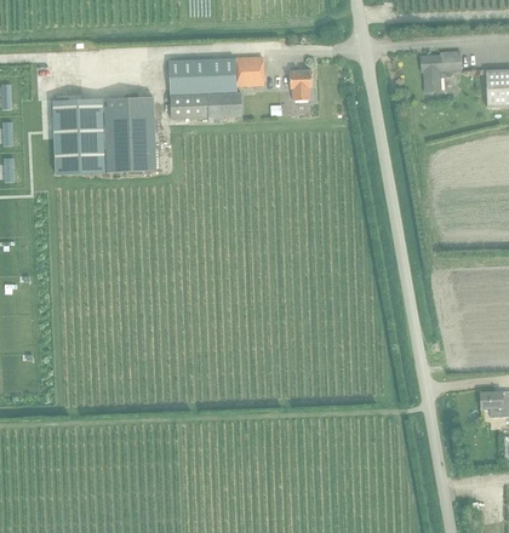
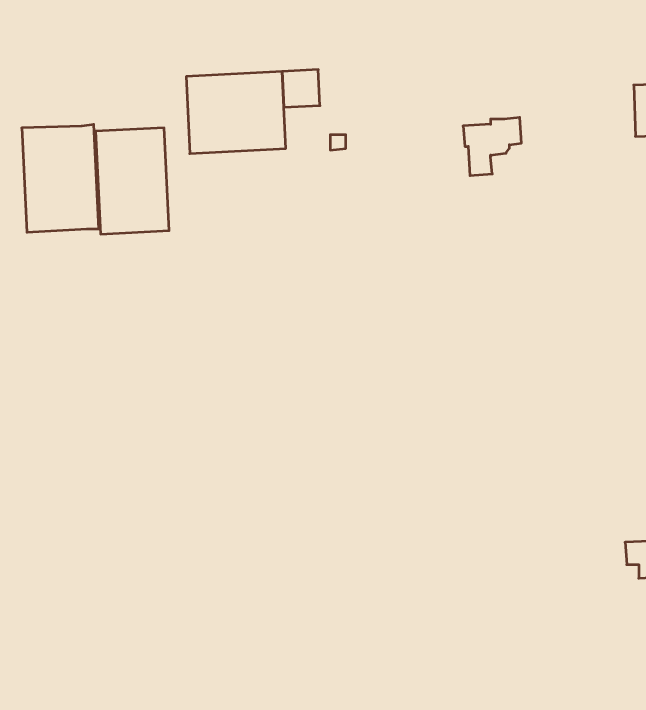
building: [421,48,462,90] -> [463,117,521,176]
building: [290,67,313,98] -> none

